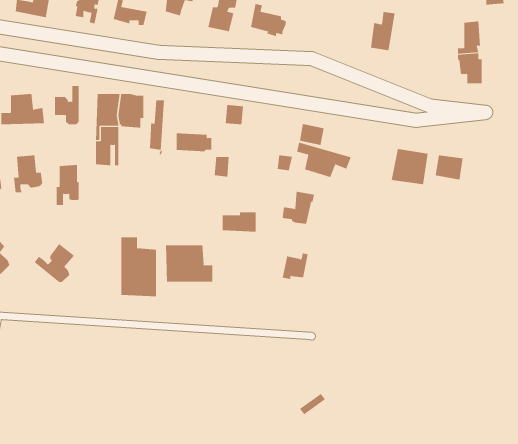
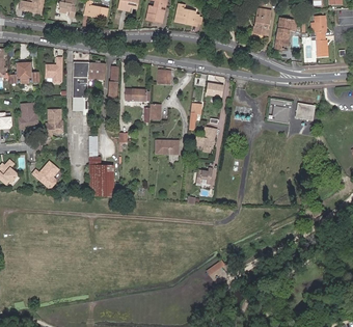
building: none -> [274,19,296,50]
building: [296,142,352,178] -> none
building: [165,244,213,283] -> none

